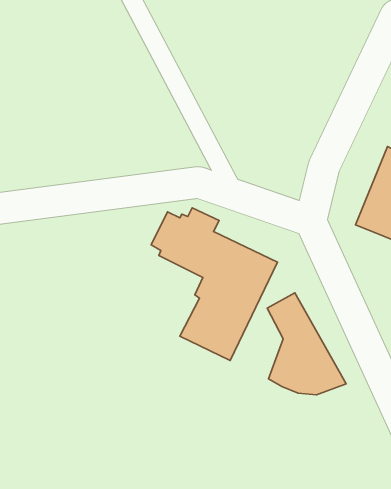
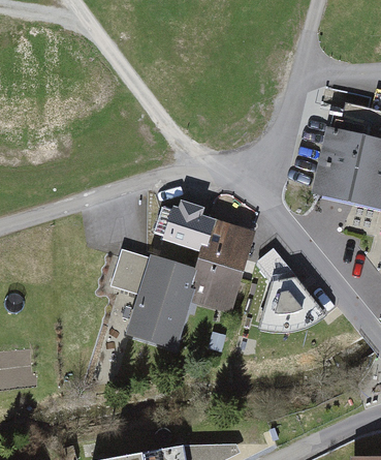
building: none -> [110,249,199,347]

